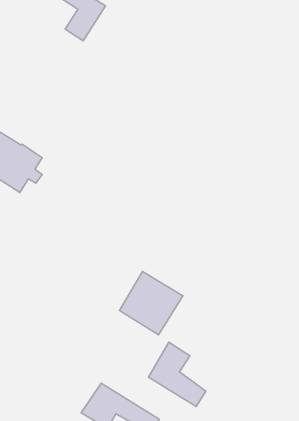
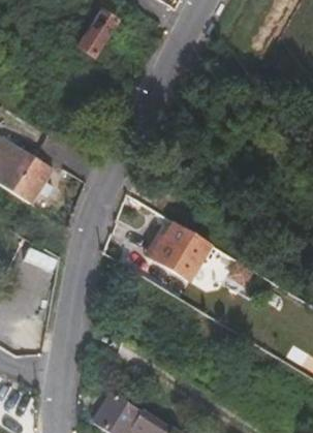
building: [119,272,183,335] -> [152,221,214,283]
building: [149,342,206,407] -> none

